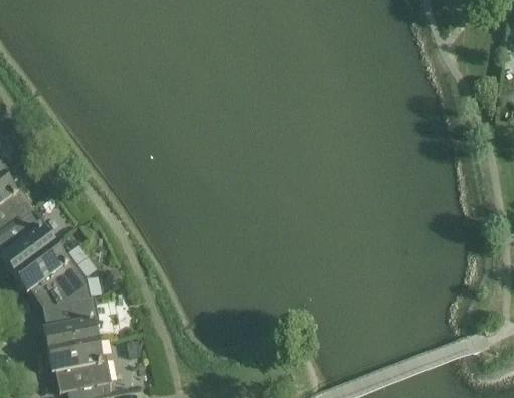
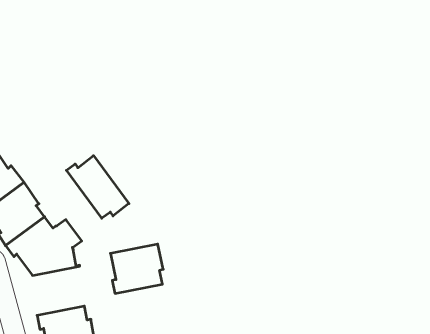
building: none -> [66,156,129,218]
building: [42,302,100,355] -> [110,244,163,293]

